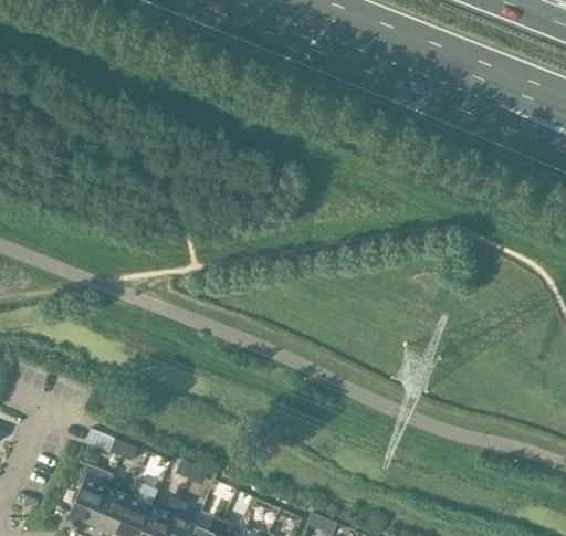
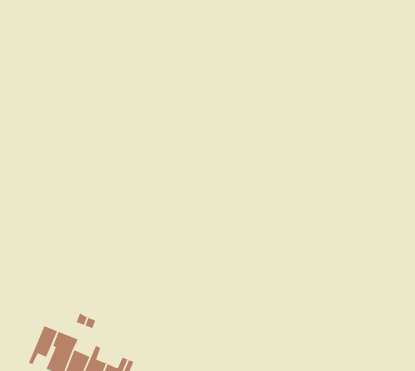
building: none -> [28,325,58,365]

